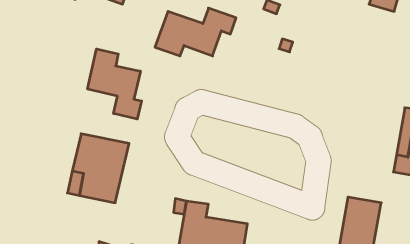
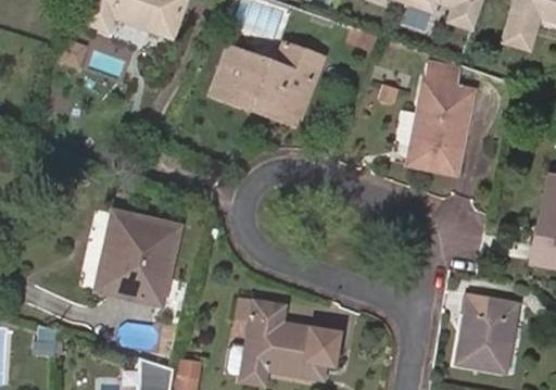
building: none -> [409,64,472,174]
building: none -> [247,75,314,126]
building: [88,49,142,119] -> none

